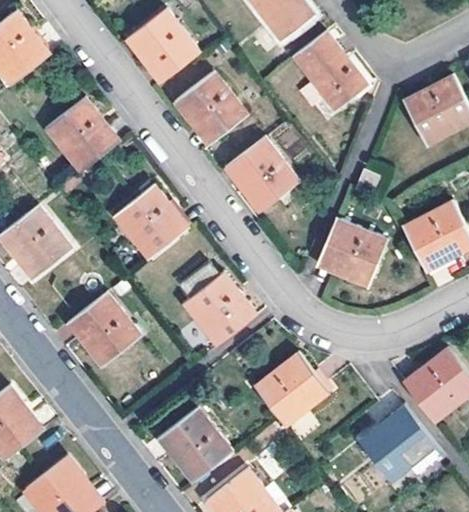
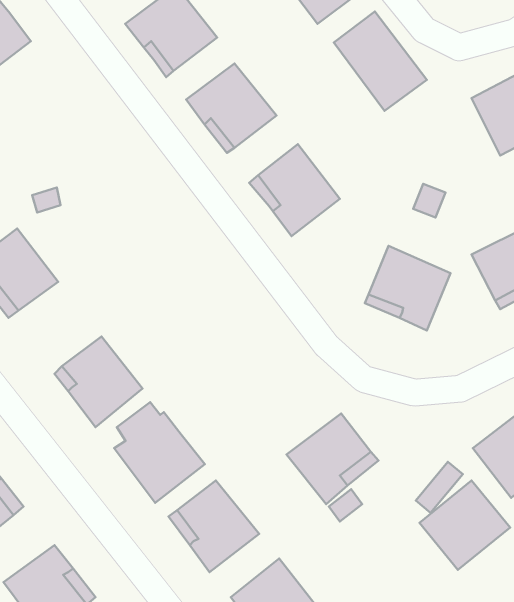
building: [45,99,120,173] -> none
building: [114,185,189,260] -> none
building: [185,265,258,346] -> [114,402,205,503]

